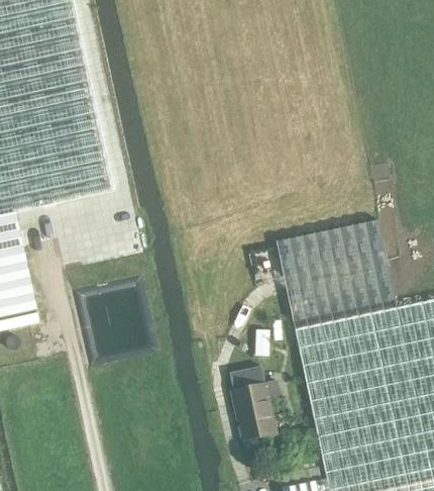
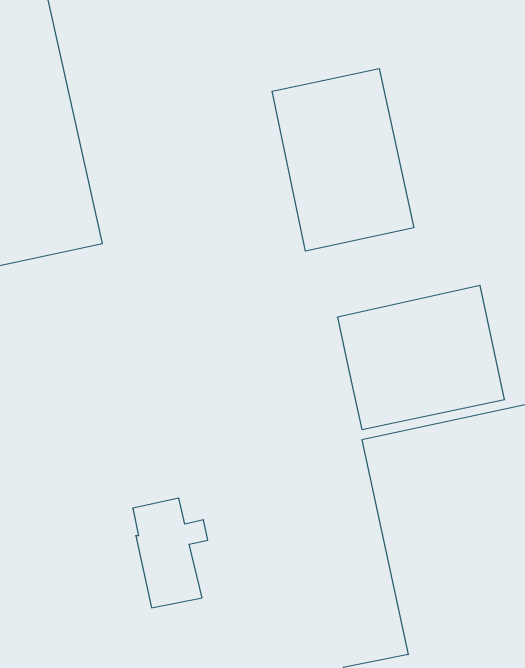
building: none -> [272,69,414,251]
building: [229,366,282,443] -> [133,498,208,608]

